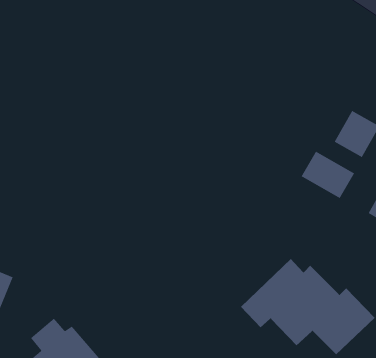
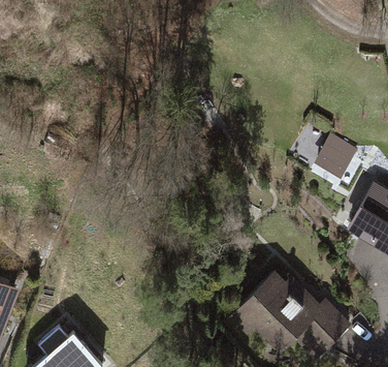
building: [301,151,355,199] -> none

